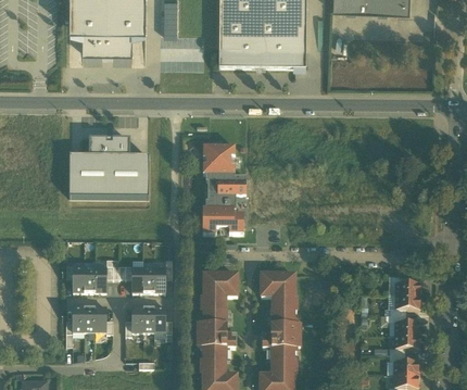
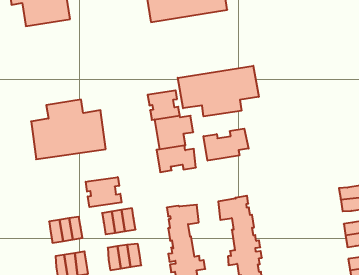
building: none -> [178,66,259,116]
building: none -> [204,129,249,161]
building: none -> [86,177,122,207]

